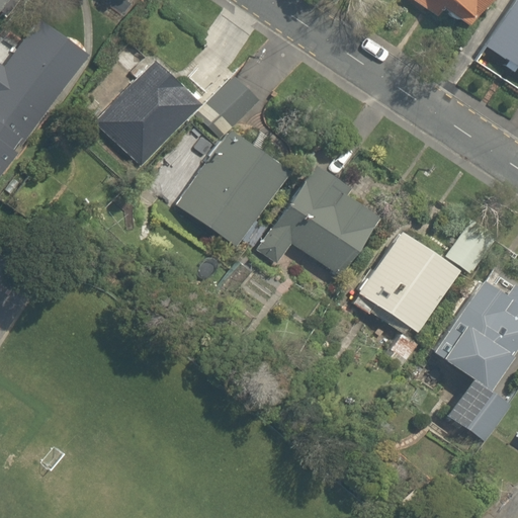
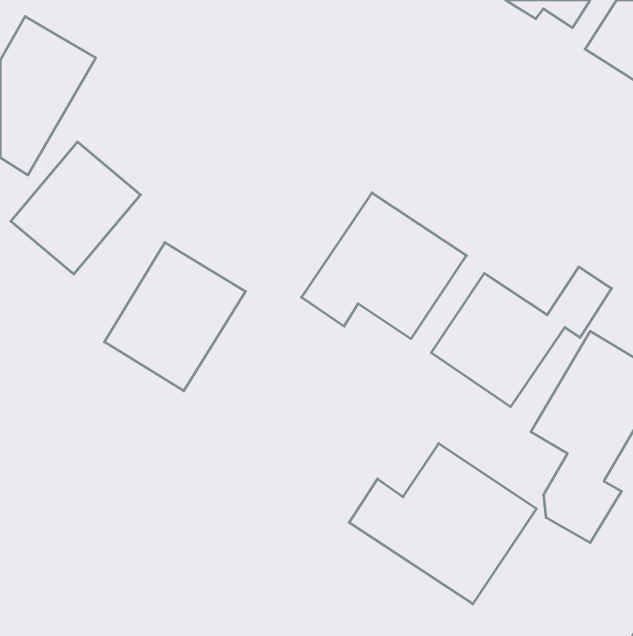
building: [97,63,201,169] -> [11,142,141,274]
building: [177,127,290,247] -> [104,242,246,391]
building: none -> [349,443,536,604]

